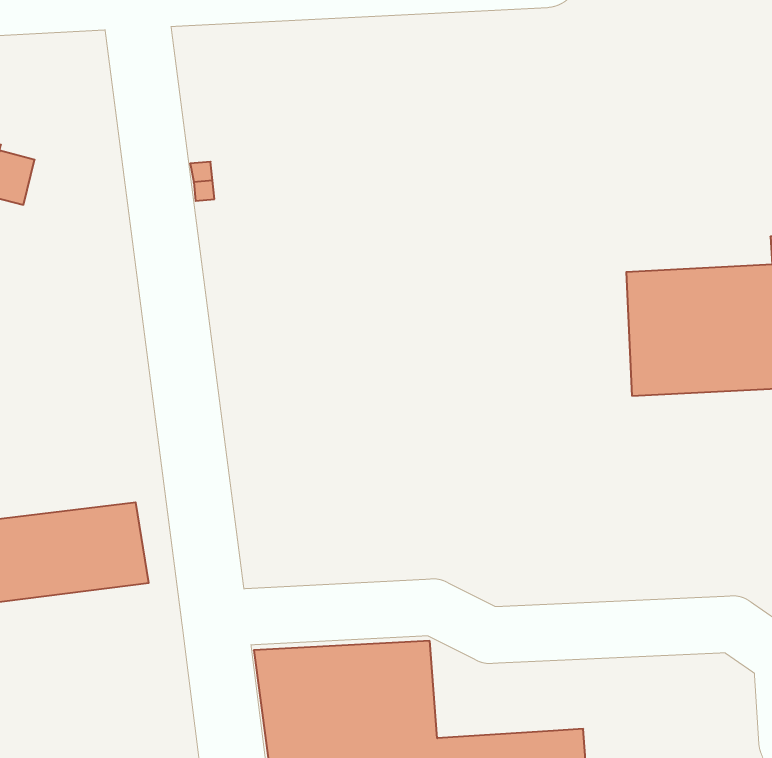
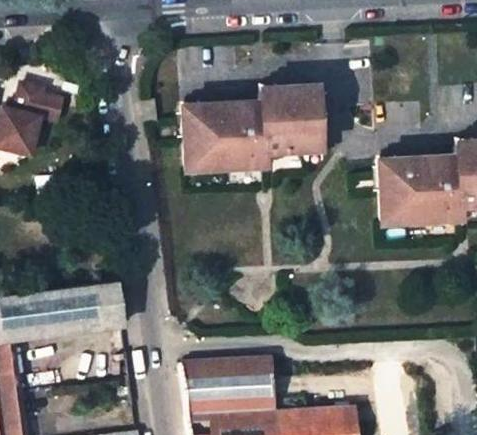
building: none -> [184,83,322,171]

